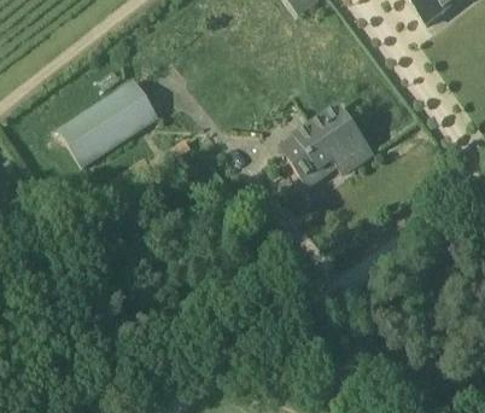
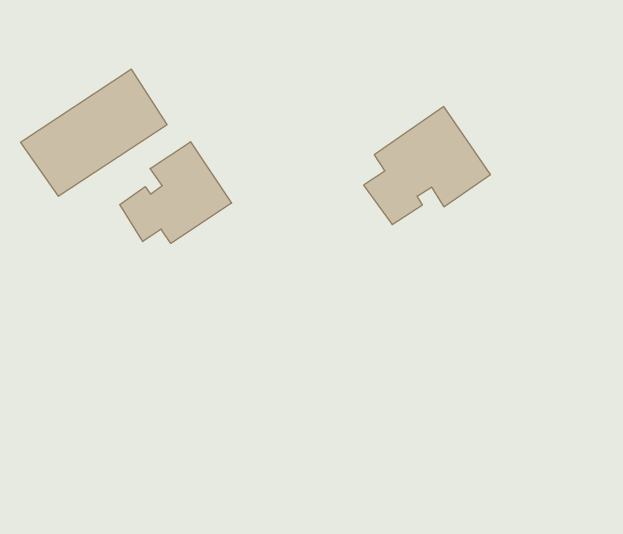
building: none -> [120,142,232,243]

